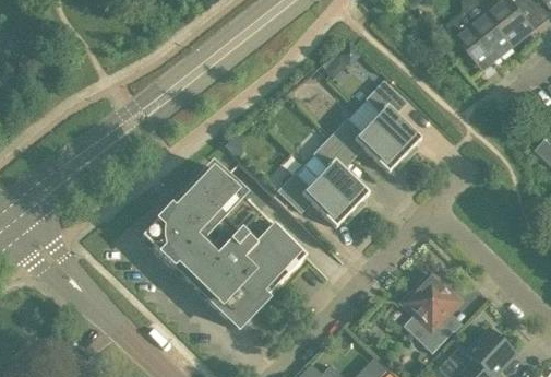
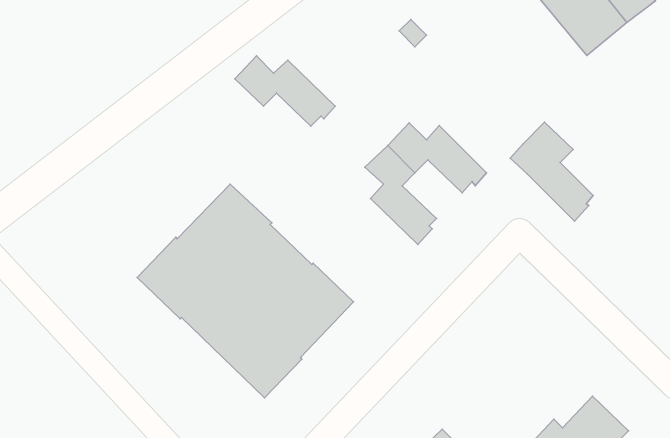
building: [359,82,422,157] -> [510,122,593,221]
building: [279,174,356,227] -> [235,56,335,126]
building: [403,272,460,353] -> none

